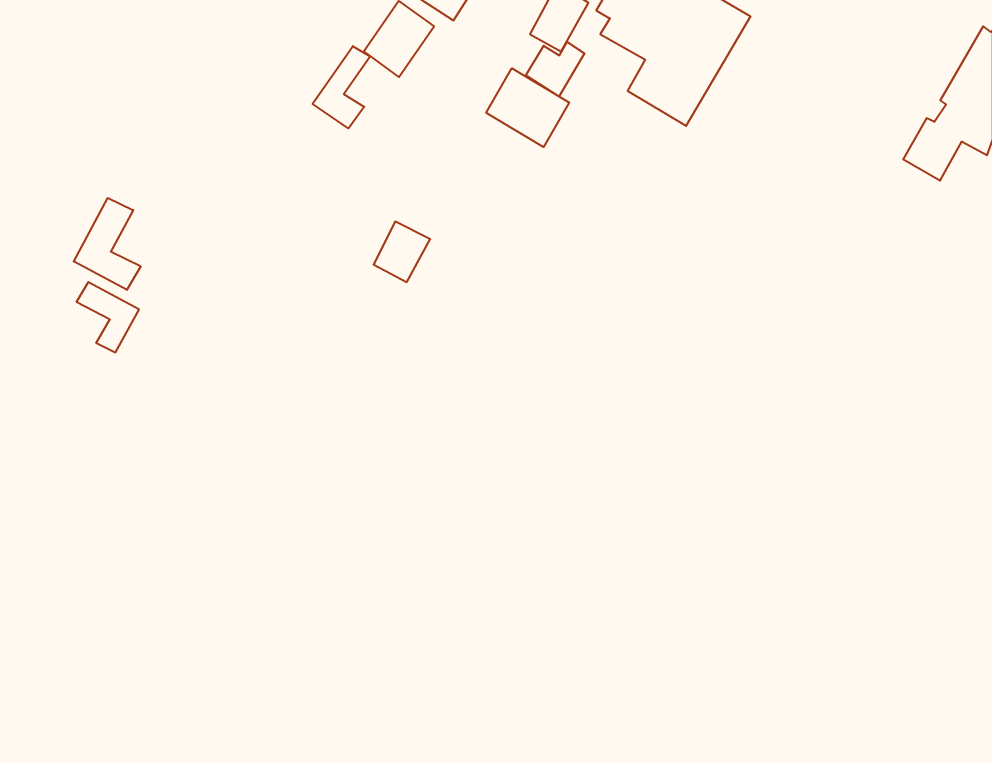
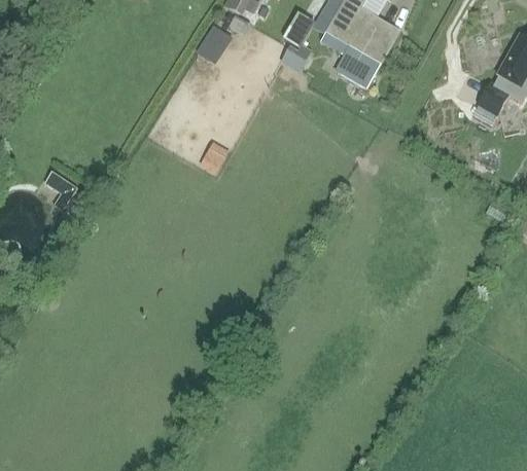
building: [313,46,370,128] -> none
building: [486,68,569,147] -> none
building: [74,198,141,290] -> none

